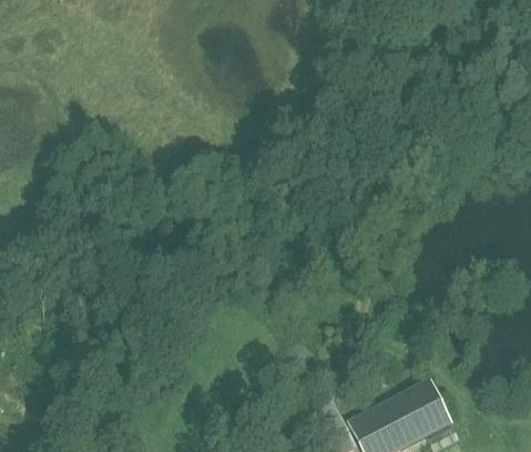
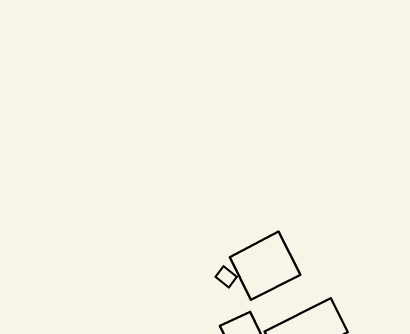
building: none -> [230,232,300,300]

